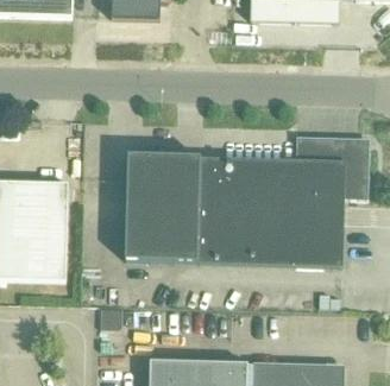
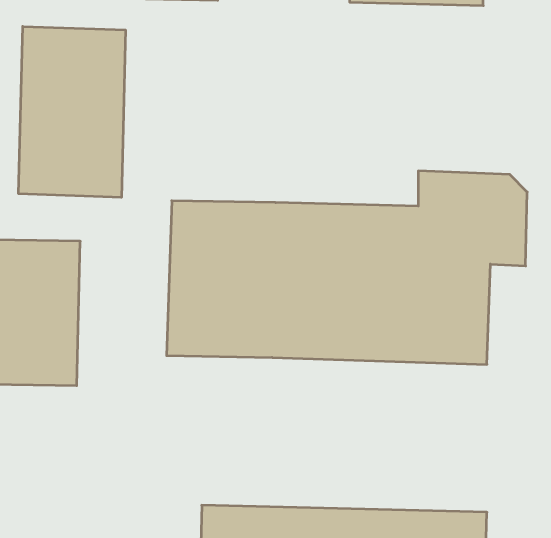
building: none -> [19,26,125,197]

